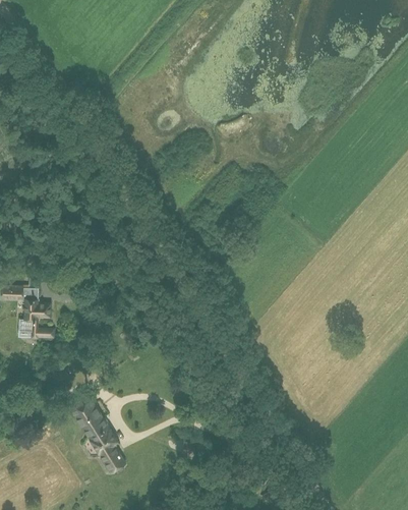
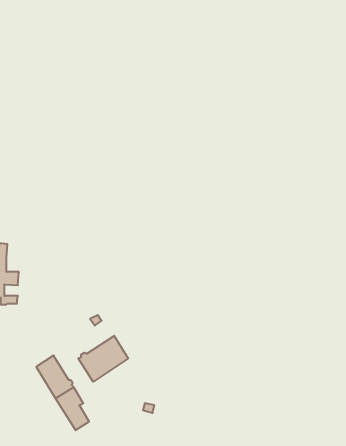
building: none -> [78,336,128,382]

